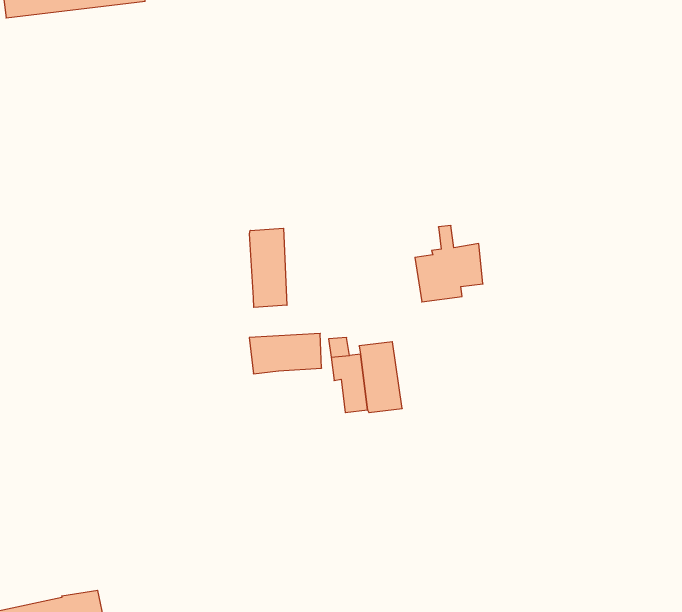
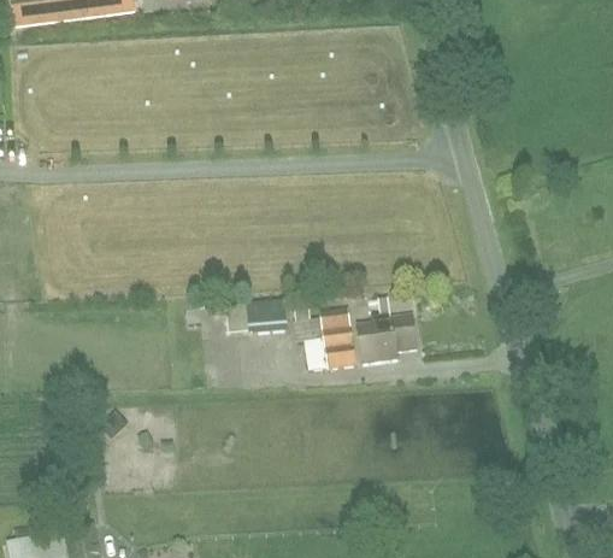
building: [415,226,483,302] -> [359,296,418,363]
building: [249,228,287,307] -> none

